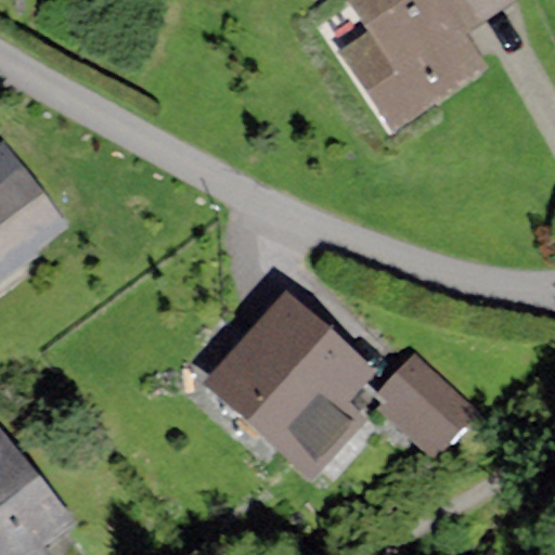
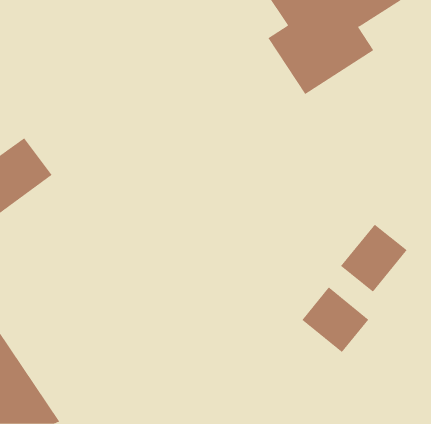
building: none -> [340,224,407,292]
building: [215,305,385,470] -> none

